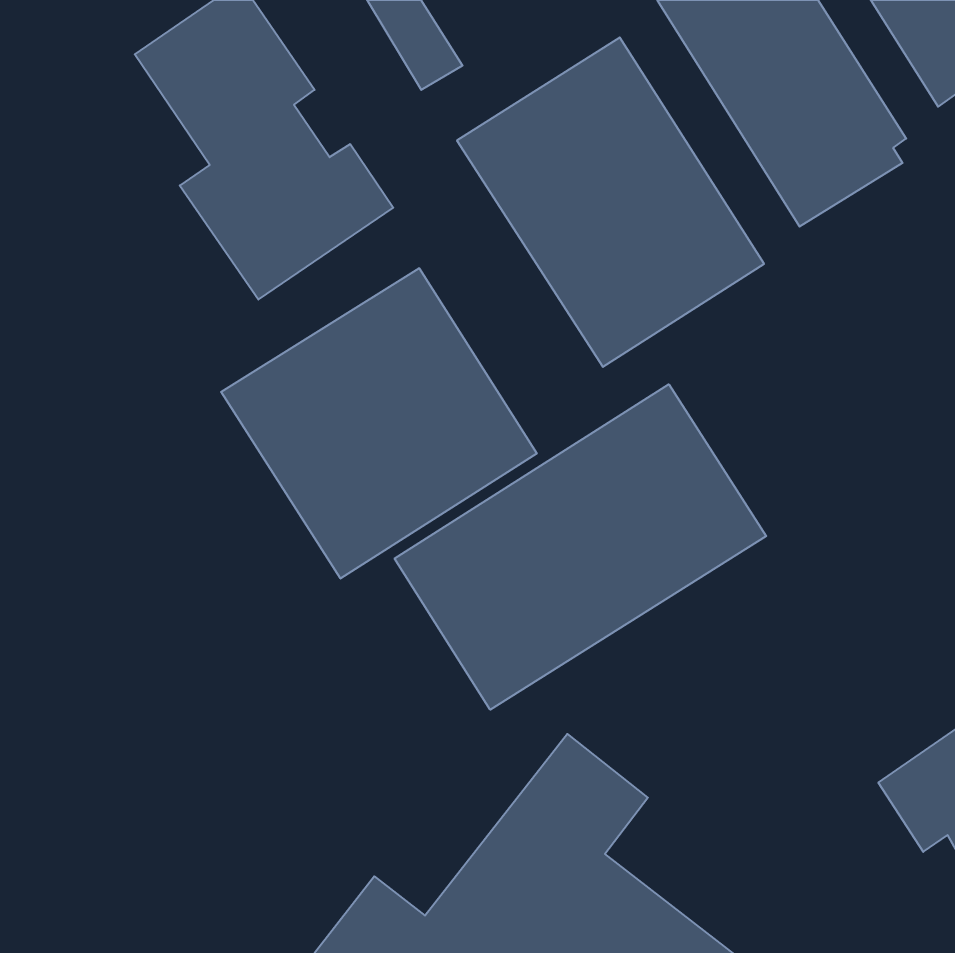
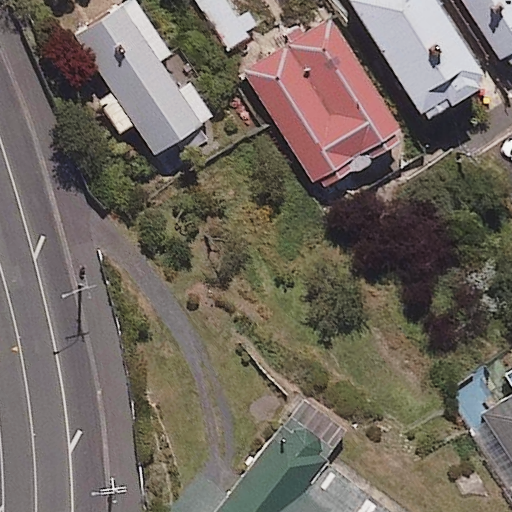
building: [221,268,537,579] -> none
building: [395,384,766,710] -> none

